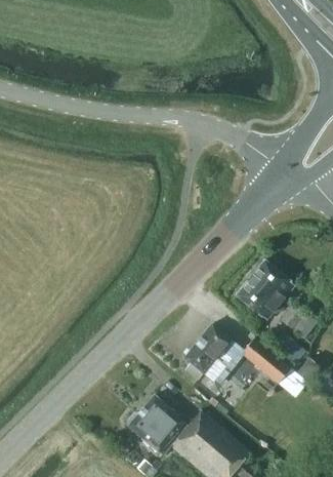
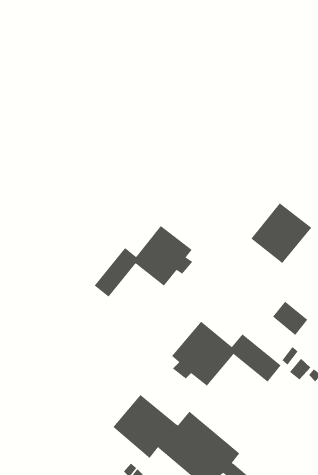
building: none -> [94,225,193,298]
building: [236,261,295,320] -> [251,202,312,264]

